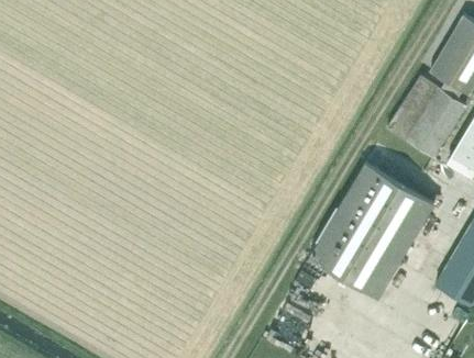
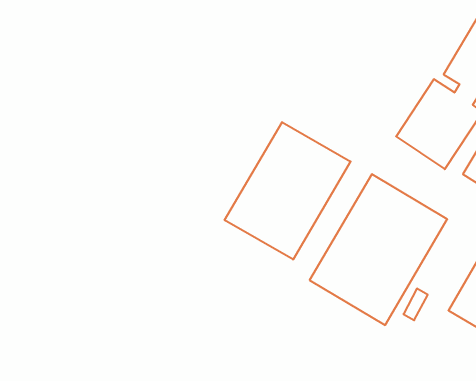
building: none -> [225,122,351,260]

